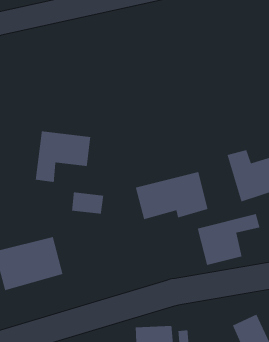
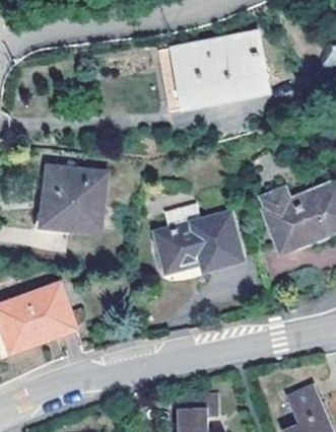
building: none -> [175,33,269,104]
building: [71,192,104,215] -> [68,205,106,231]
building: [197,213,260,266] -> none

